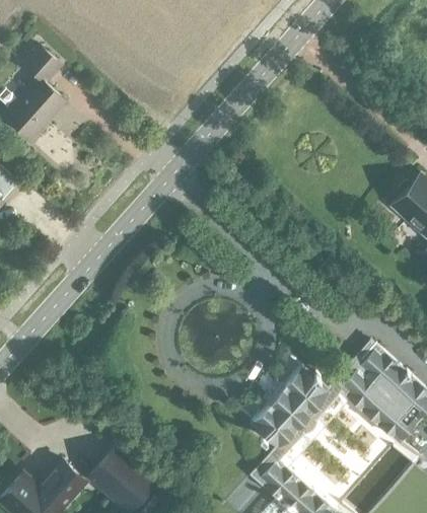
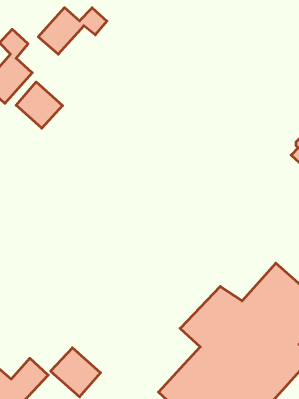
building: none -> [38,8,107,54]
building: none -> [16,82,63,128]

